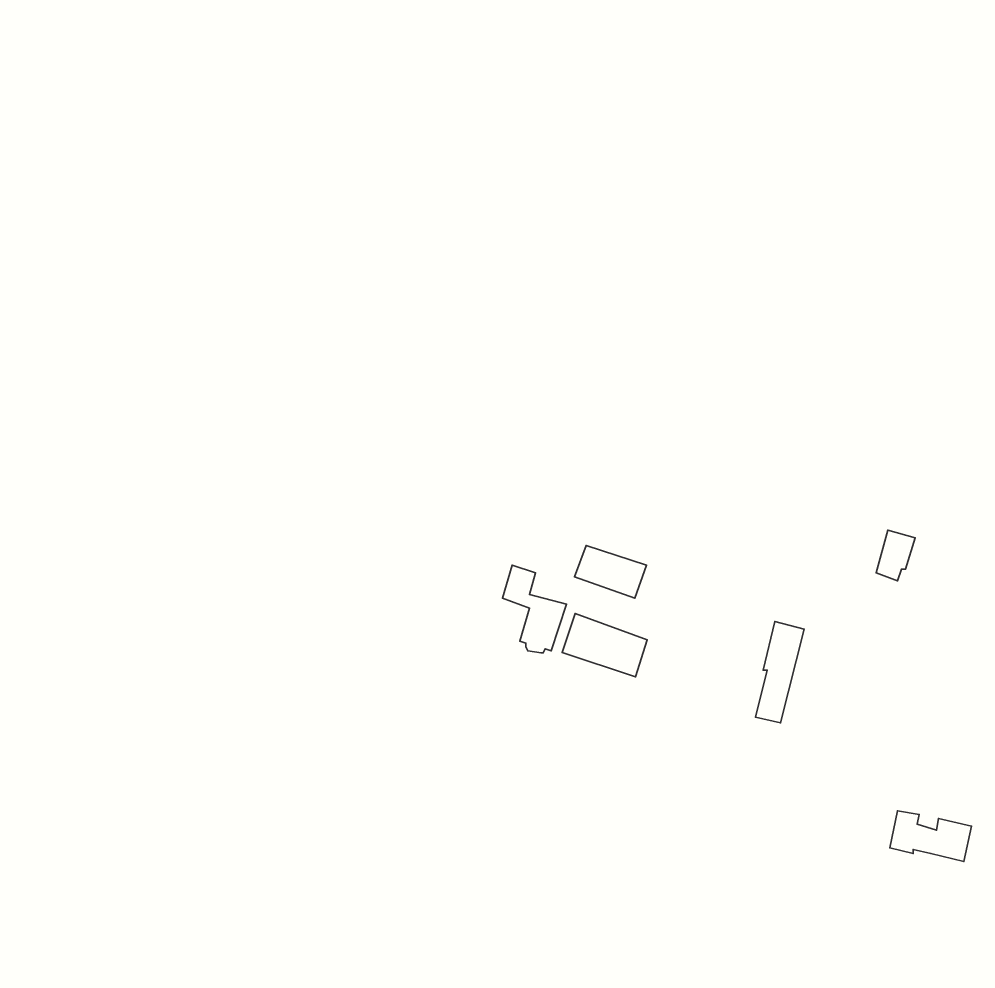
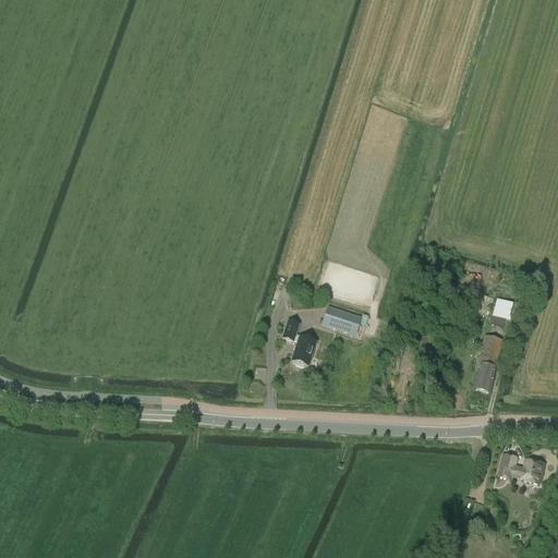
building: [562,614,647,677] -> none
building: [755,622,804,723] -> [474,333,501,390]

